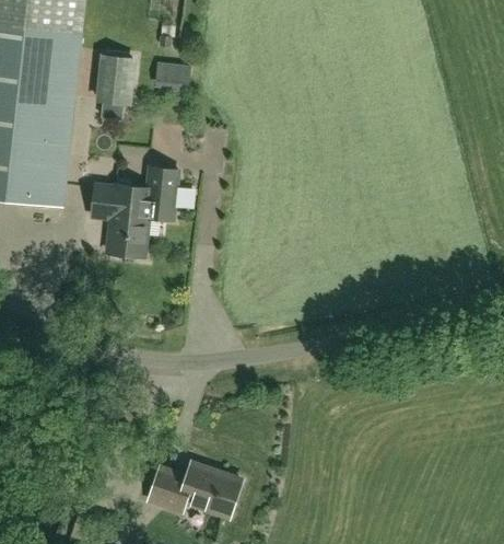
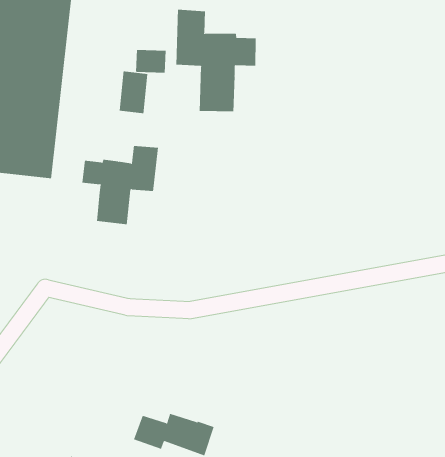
building: none -> [176,9,256,112]
building: [98,56,131,104] -> [119,71,148,114]

